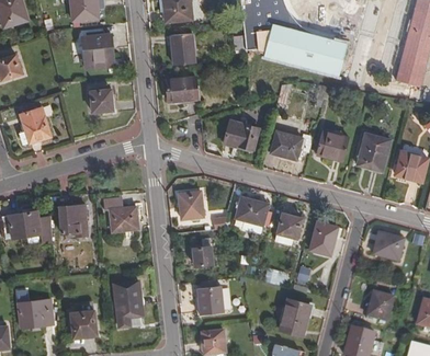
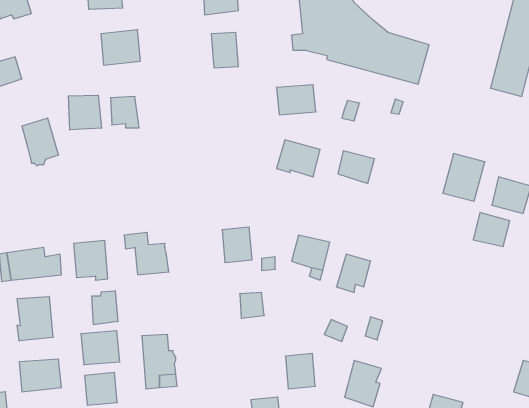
building: [167,77,199,101] -> [276,85,316,115]
building: none -> [69,95,101,130]
building: [316,130,349,160] -> none
building: [307,225,335,257] -> none
building: [371,232,400,260] -> [473,213,510,247]
building: none -> [92,291,118,325]
building: none -> [17,296,53,341]
building: none -> [81,331,119,365]
building: [199,285,223,313] -> [285,354,315,389]
building: [365,291,392,321] -> none

